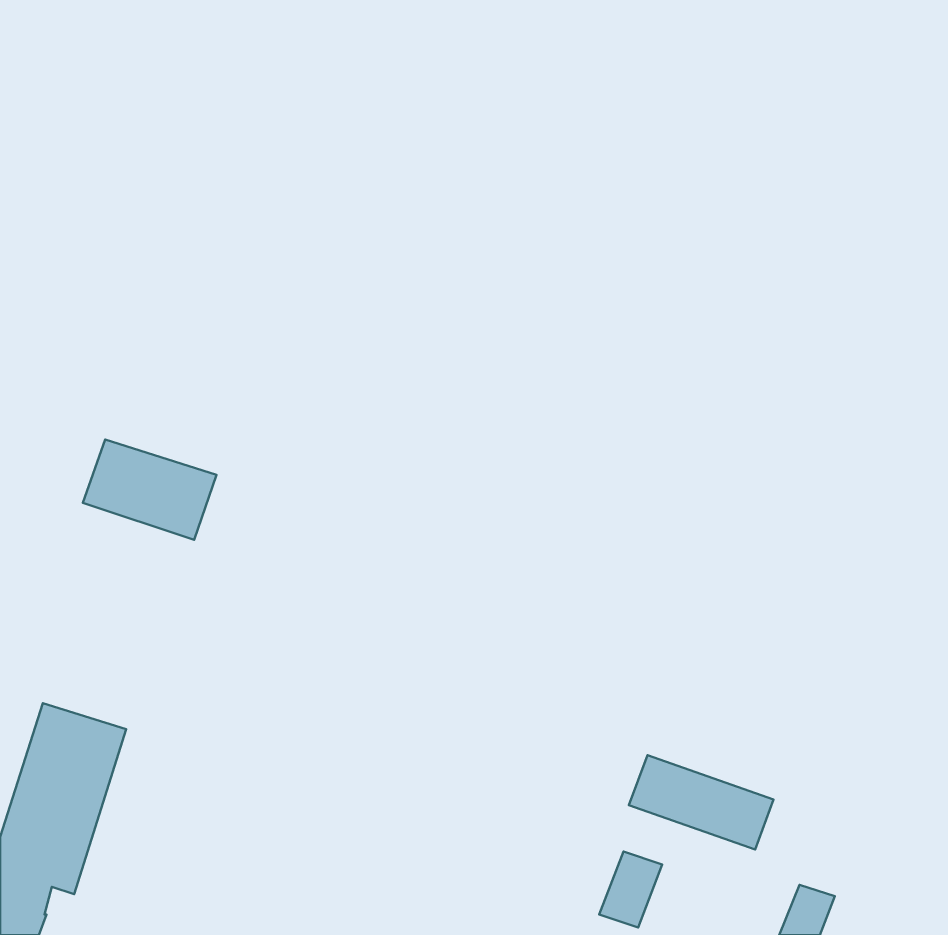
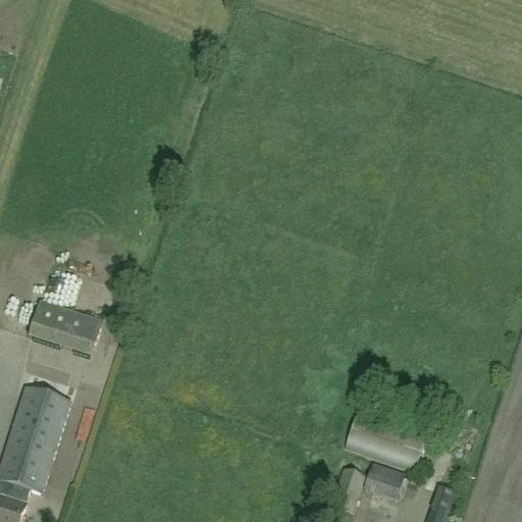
building: [83,440,217,540] -> [29,300,102,355]
building: none -> [365,464,404,498]

